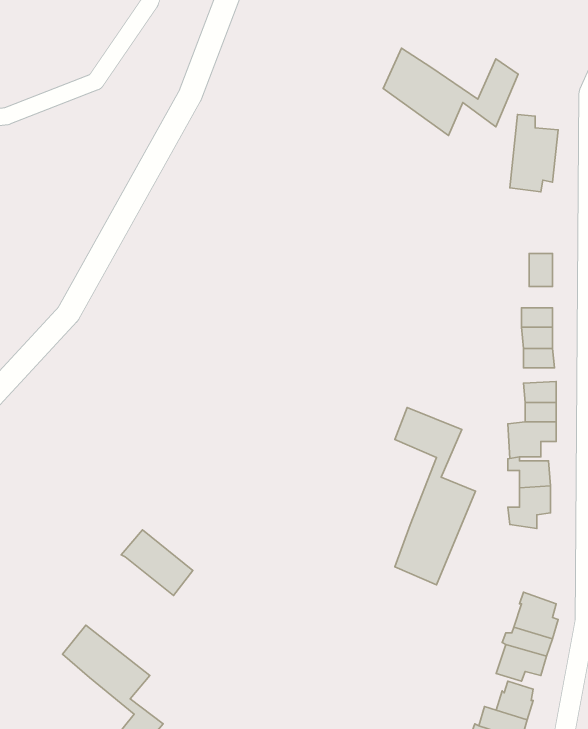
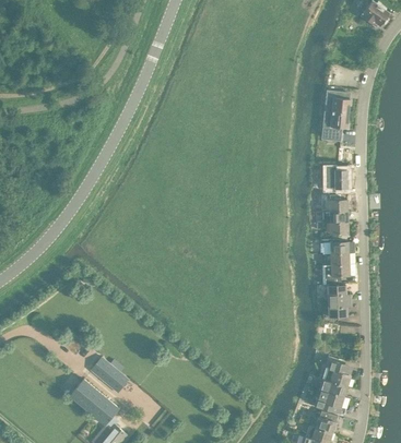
building: [383,48,518,135] -> none
building: [395,408,475,585] -> none
building: [121,530,193,596] -> [89,355,129,392]

